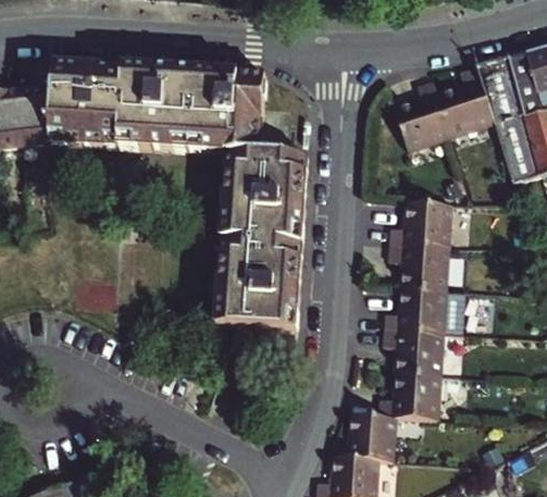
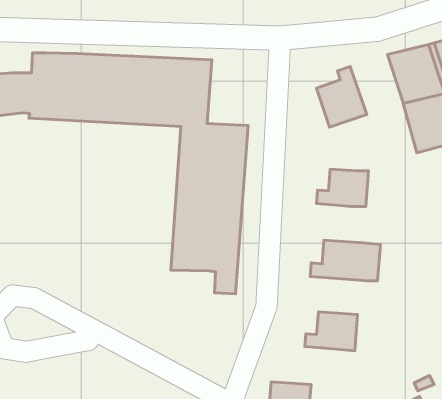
building: [435,66,494,138] -> none
building: [389,245,449,291] -> none
building: [382,332,442,377] -> none
building: [336,414,400,462] -> none

